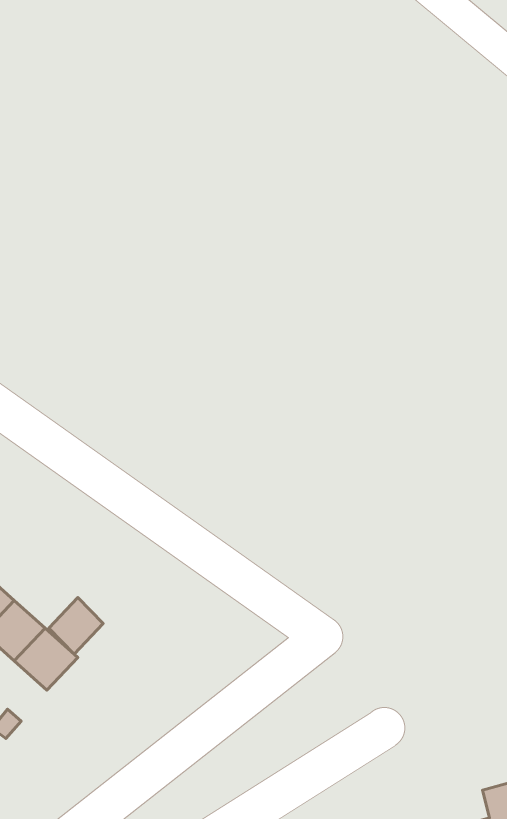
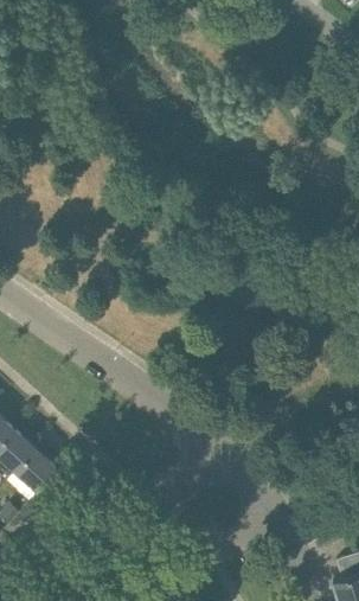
building: [49,598,103,654] -> none

